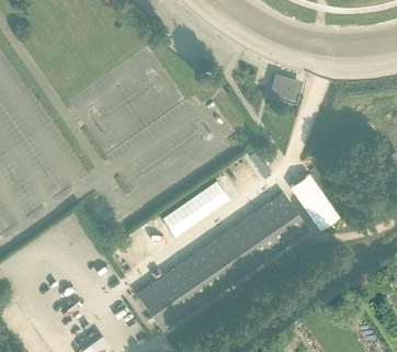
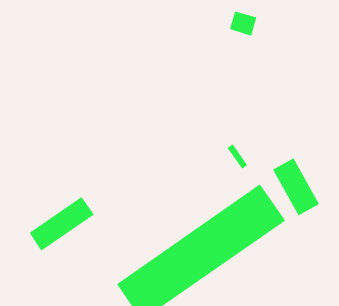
building: [266,80,299,106] -> [225,11,257,37]
building: [160,182,227,238] -> [29,196,95,251]

